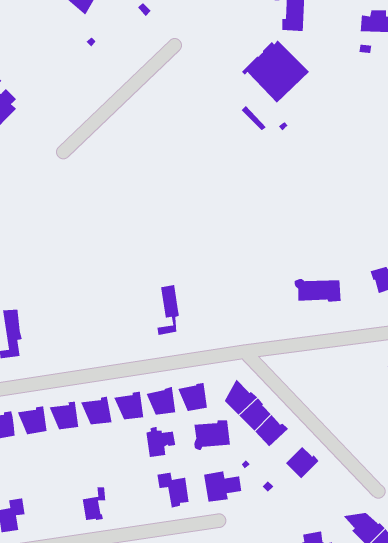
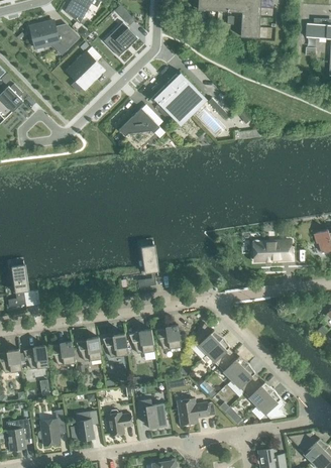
building: none -> [30,20,77,49]
building: none -> [109,22,137,56]
building: [241,37,310,104] -> [150,71,207,125]
building: none -> [71,51,104,92]
building: none -> [119,108,159,136]
building: [193,420,231,451] -> none
building: [145,426,176,458] -> [107,410,132,436]
building: none -> [231,364,258,392]
building: none -> [257,390,286,419]
building: none -> [38,410,65,446]

